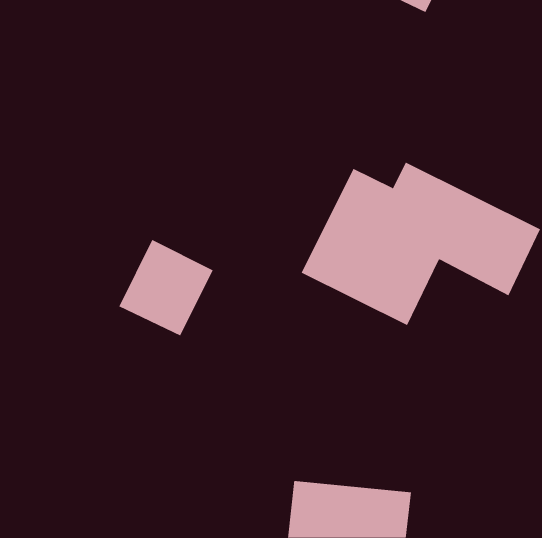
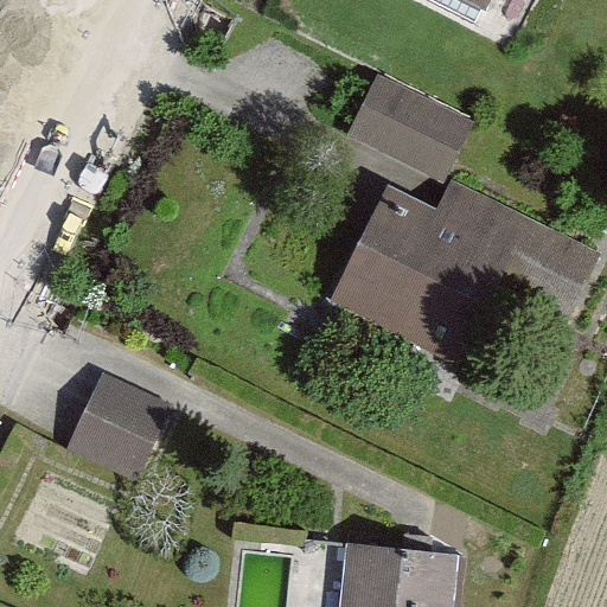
building: none -> [344,70,474,187]
building: [119,239,214,336] -> [62,378,167,486]

